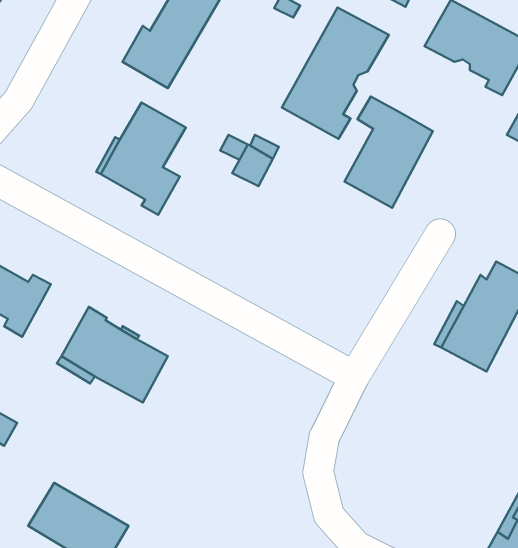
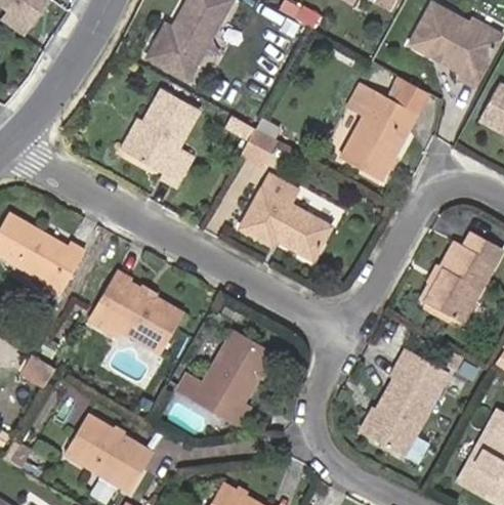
building: [282,8,389,139] -> none
building: none -> [385,77,427,117]
building: none -> [240,175,331,262]
building: none -> [177,329,271,423]
building: none -> [362,362,440,453]

